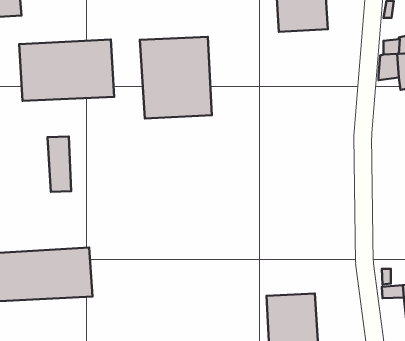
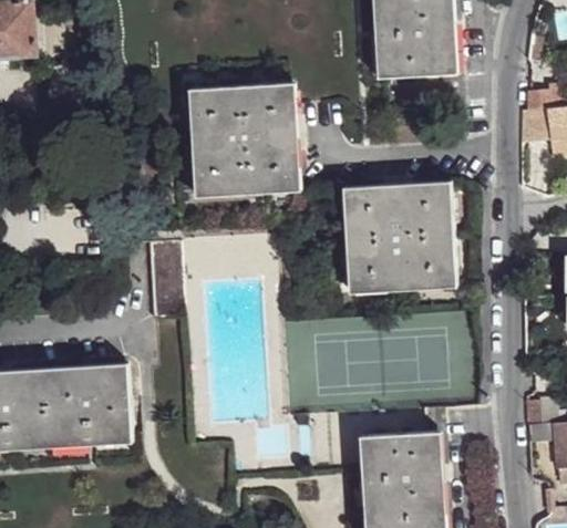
building: [19,39,114,101] -> none
building: none -> [344,187,456,284]
building: [48,136,71,192] -> [151,240,183,315]

